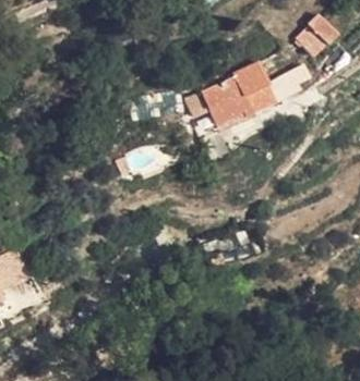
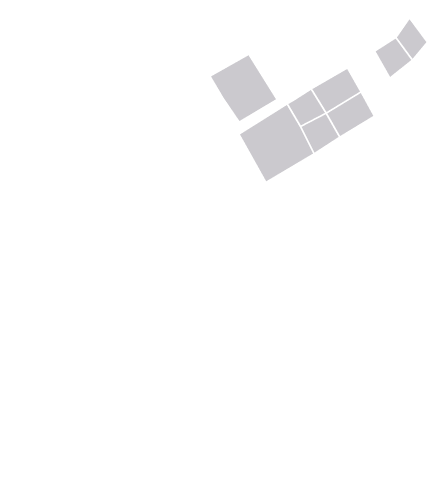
building: none -> [210,54,277,122]

